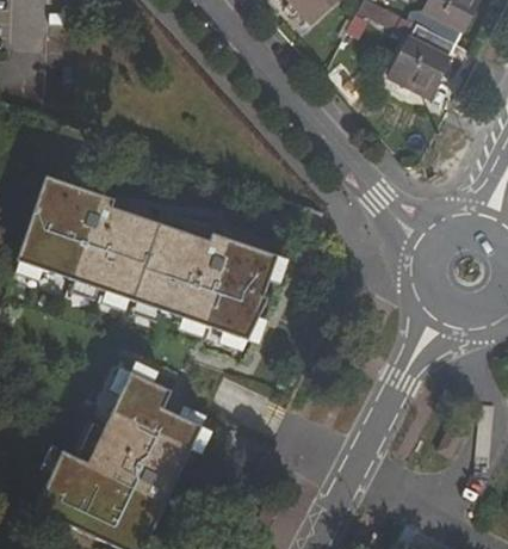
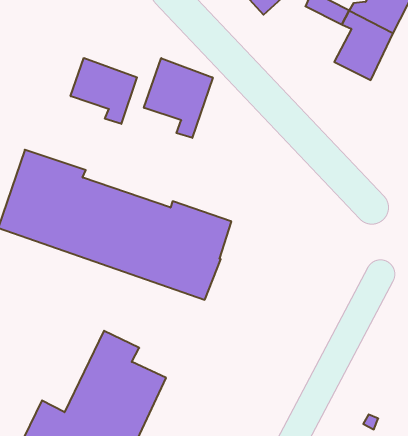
building: none -> [71,58,137,124]
building: none -> [144,58,213,138]

